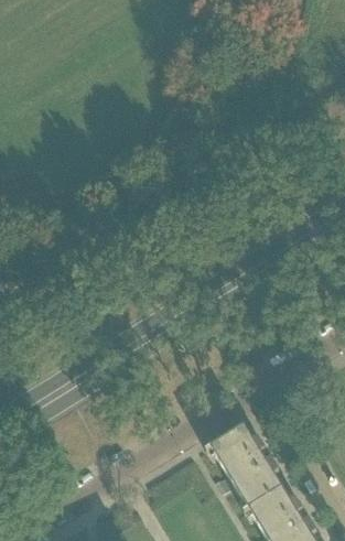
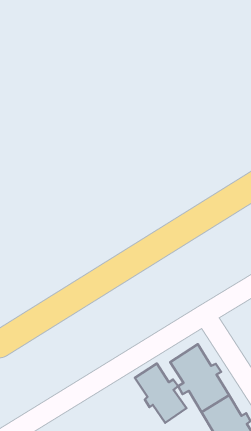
building: none -> [135,363,186,423]

